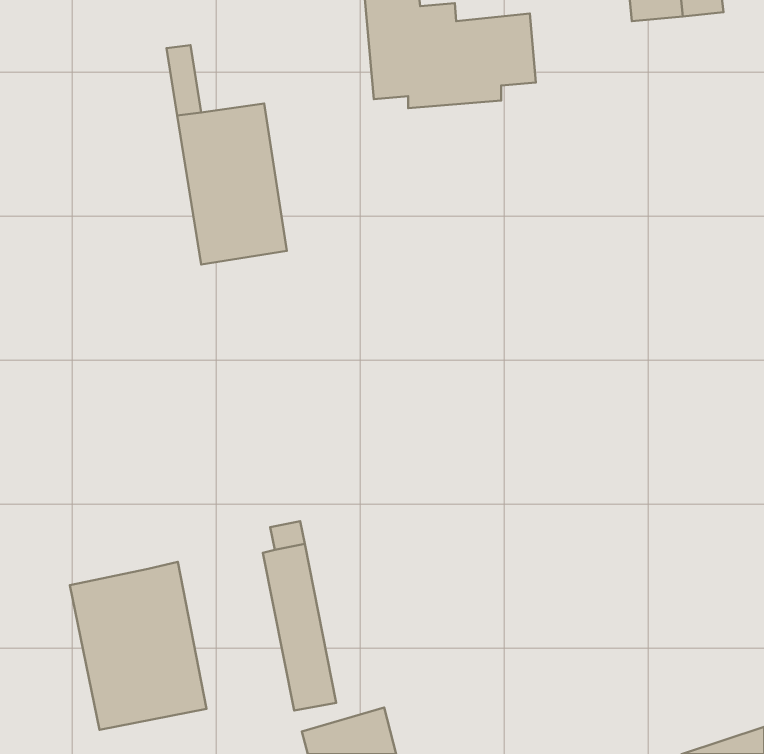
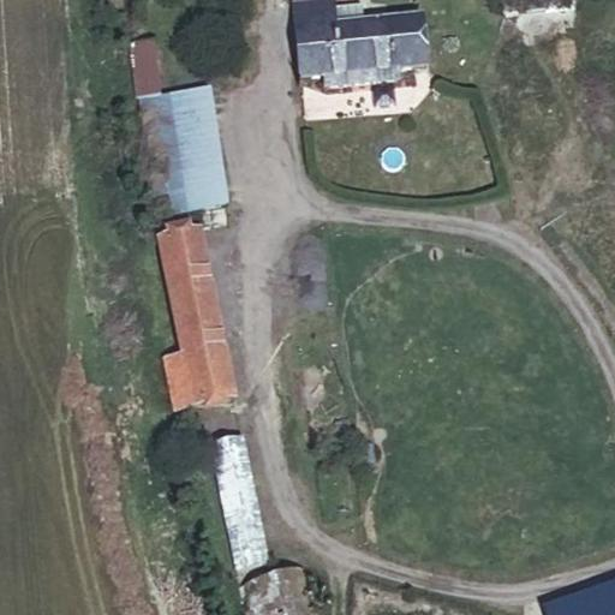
building: none -> [157,226,237,407]
building: [70,562,206,730] -> none

